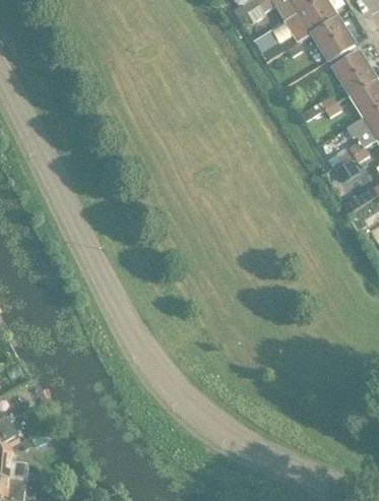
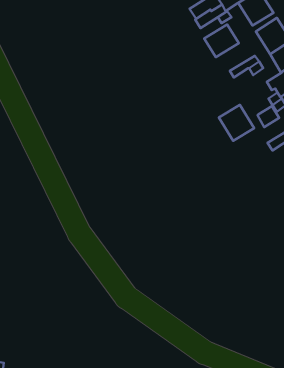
building: none -> [204,24,239,57]
building: none -> [219,105,254,141]

